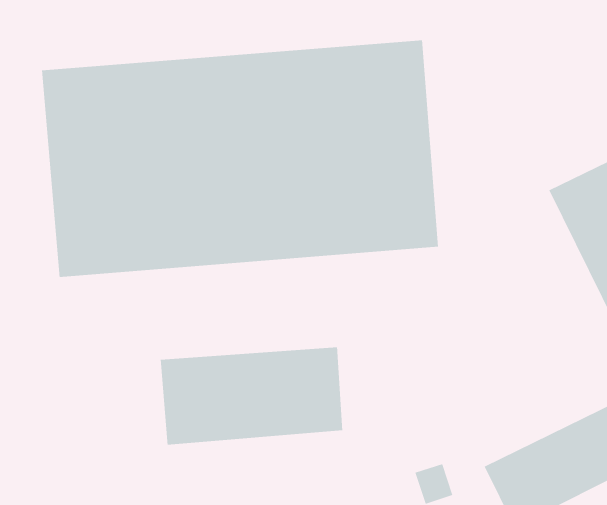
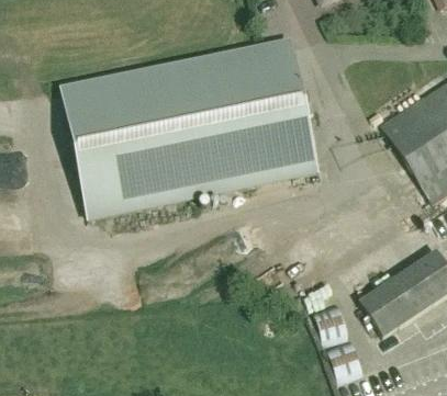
building: [160,347,343,445] -> none

